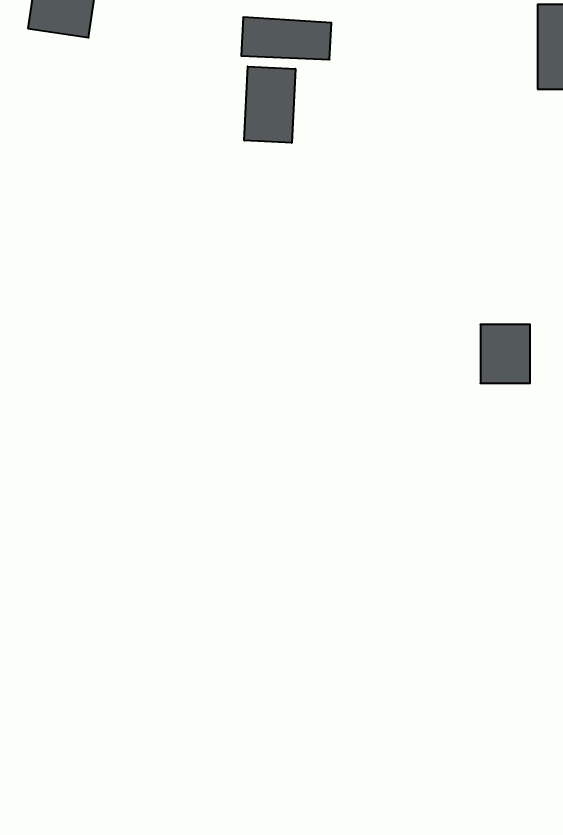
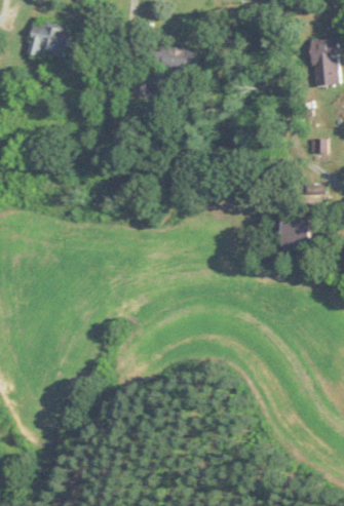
building: [244,66,295,143] -> none

